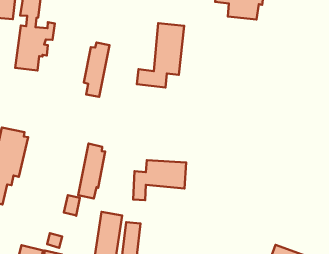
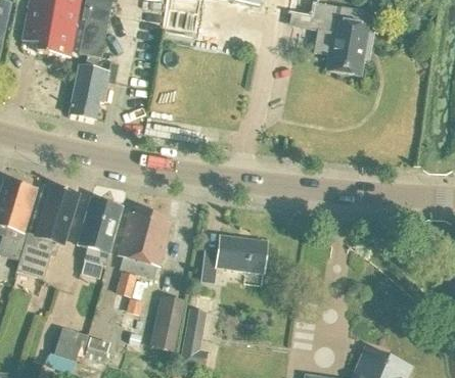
building: [137,23,184,87] -> none
building: [84,42,109,97] -> [117,205,150,271]
building: none -> [79,197,121,263]

